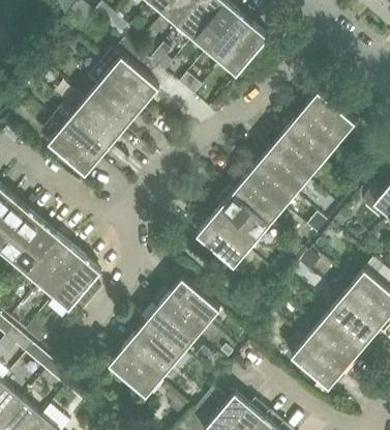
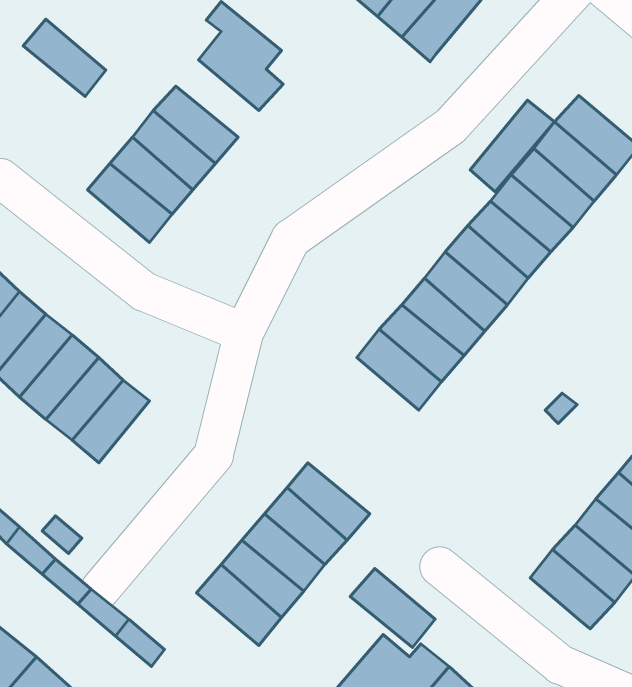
building: [98,74,144,116] -> [23,19,106,97]
building: none -> [470,100,554,192]
building: [56,261,100,311] -> none
building: [171,280,217,323] -> [350,568,435,647]

